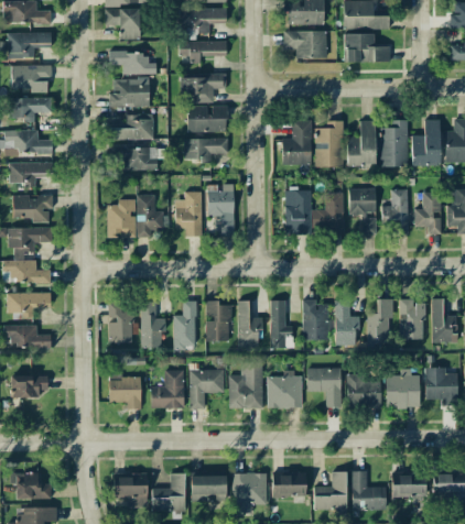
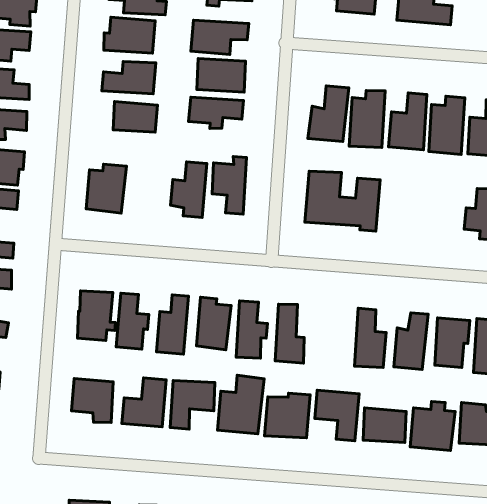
building: [349,188,377,234] -> none
building: [382,188,410,233] -> none
building: [137,194,164,237] -> none
building: [303,299,331,339] -> none

